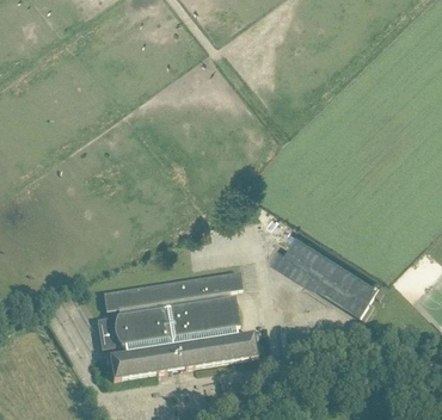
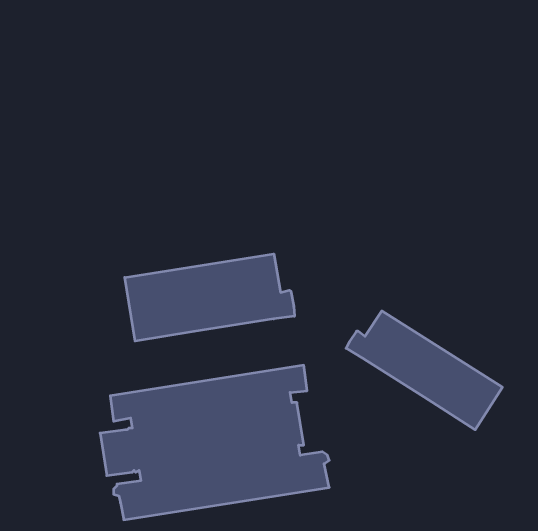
building: none -> [125,254,294,341]

